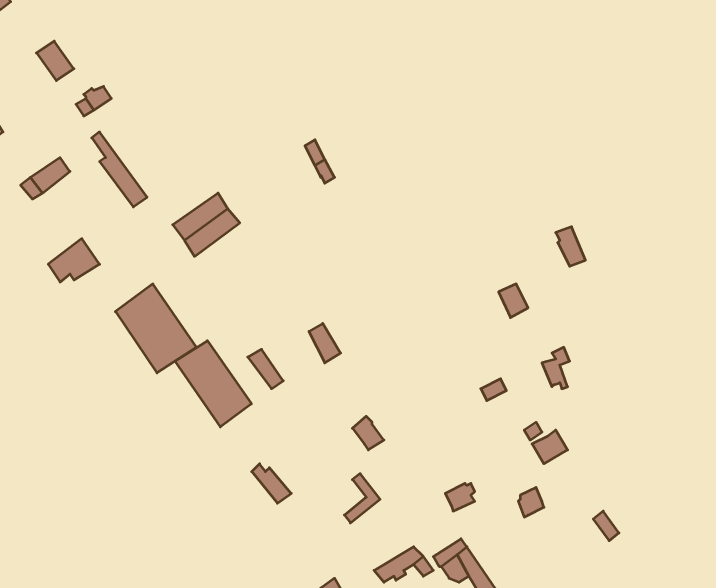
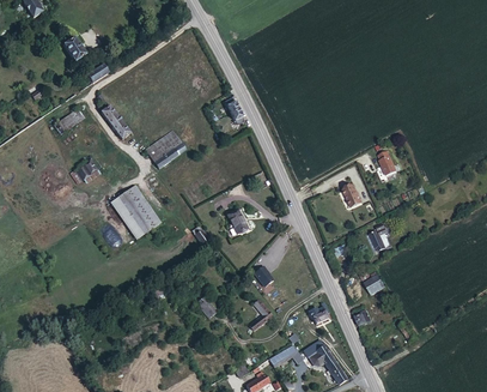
building: [175,341,251,427] -> none

